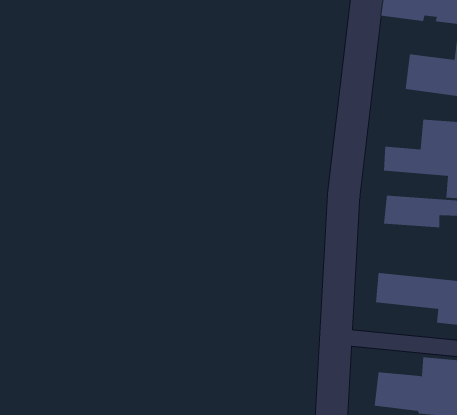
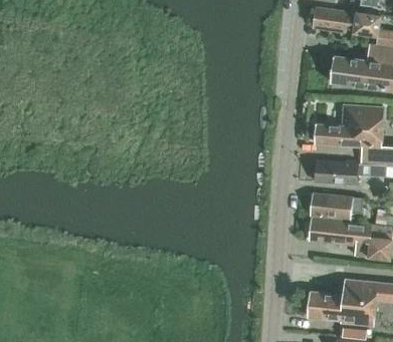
building: none -> [311,193,361,220]

